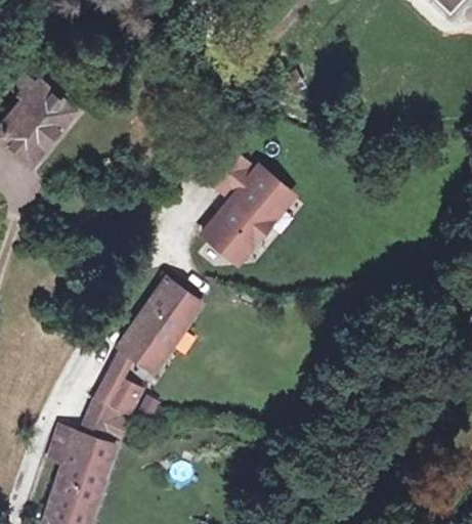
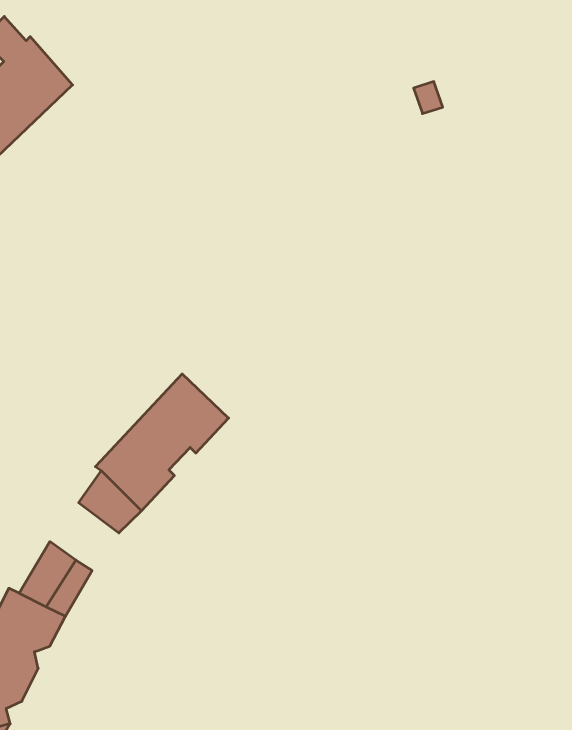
building: [204,147,292,254] -> none
building: [99,370,142,412] -> none

